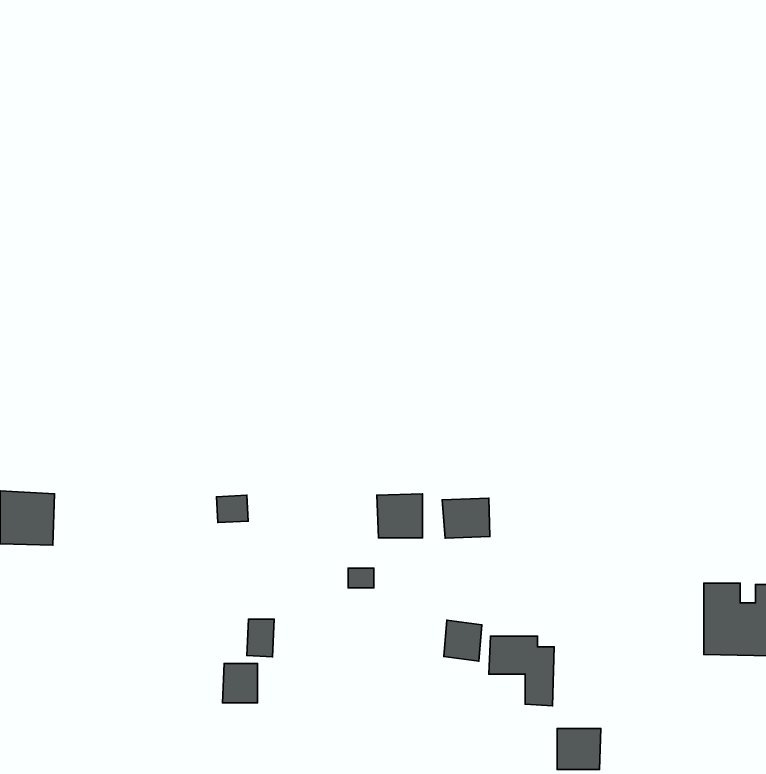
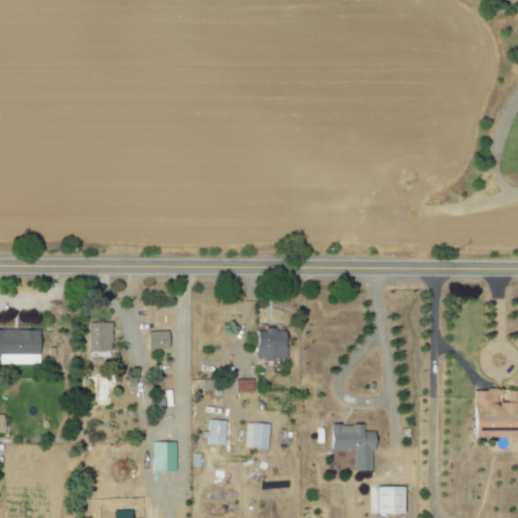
building: none -> [90,322,112,358]
building: [442,498,490,538] -> none
building: [247,619,274,657] -> [209,420,228,445]
building: [444,620,482,661] -> [246,422,271,449]

